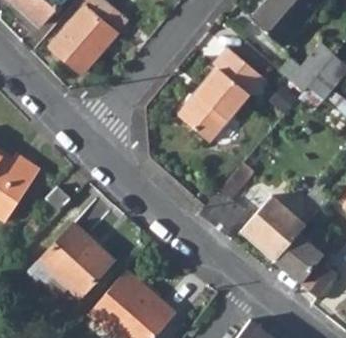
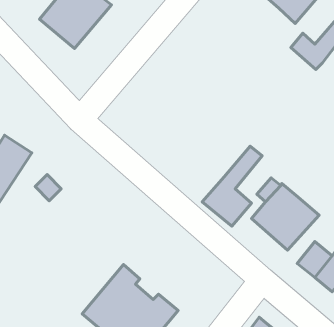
building: [177,48,261,142] -> none
building: [37,223,112,299] -> none

